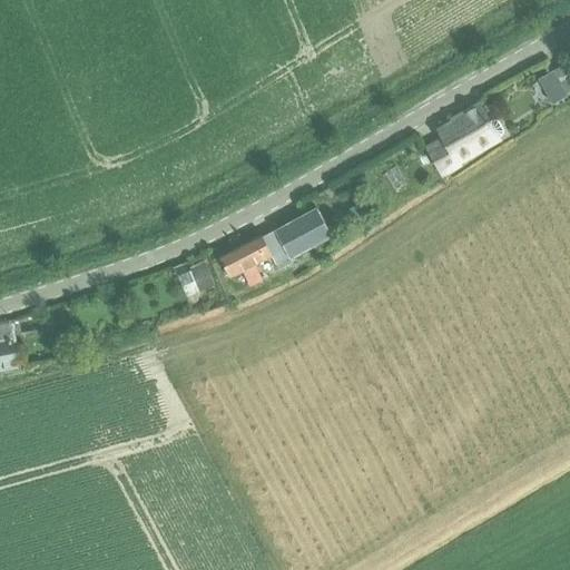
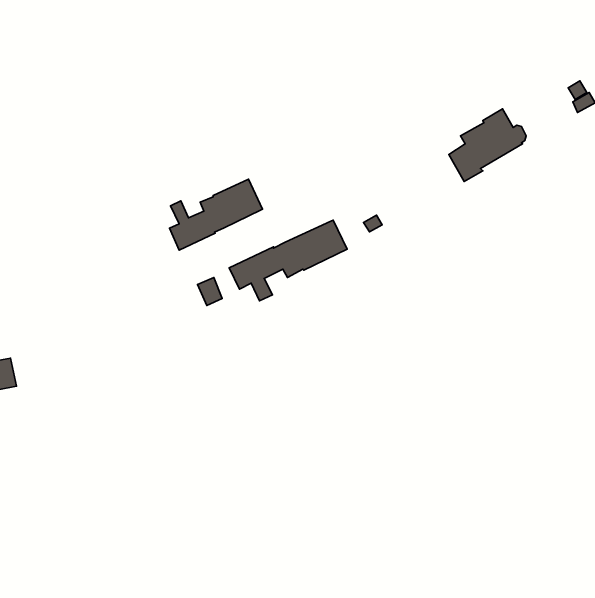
building: none -> [169,179,262,250]

